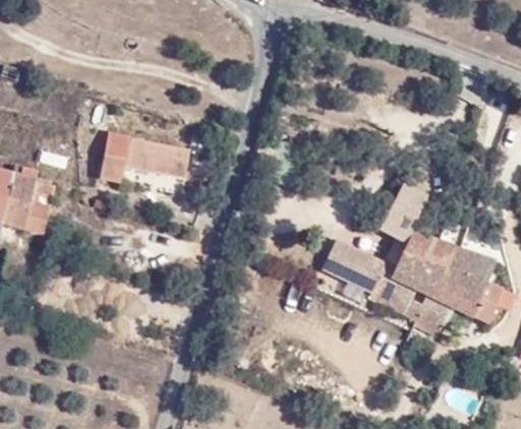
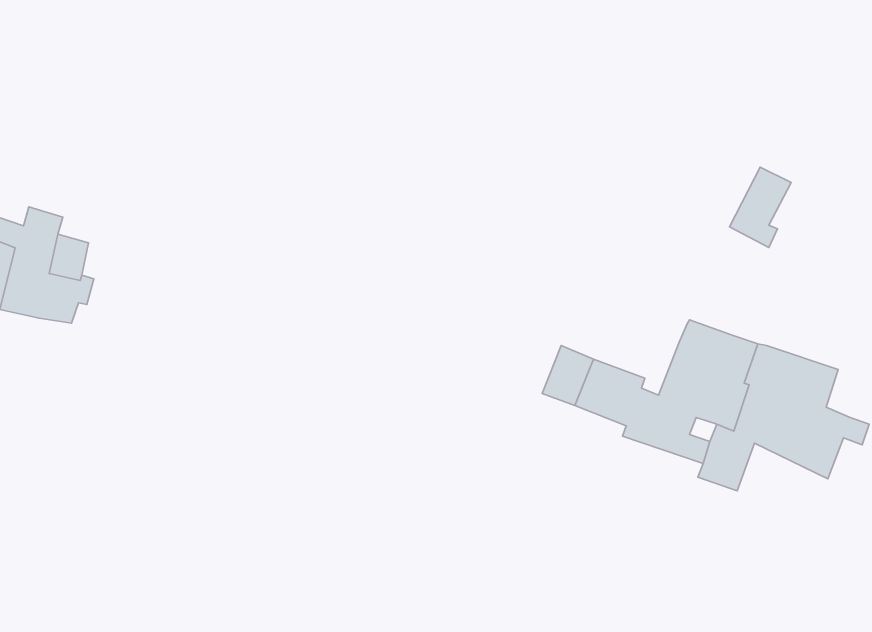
building: [96,127,184,176] -> none
building: [381,196,417,244] -> [729,167,791,248]

